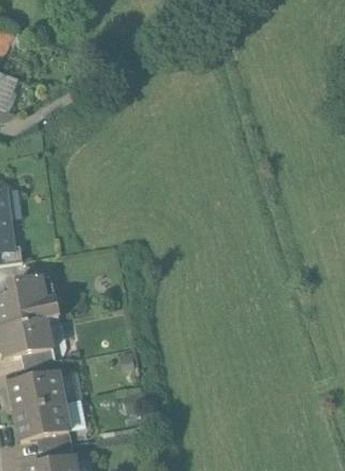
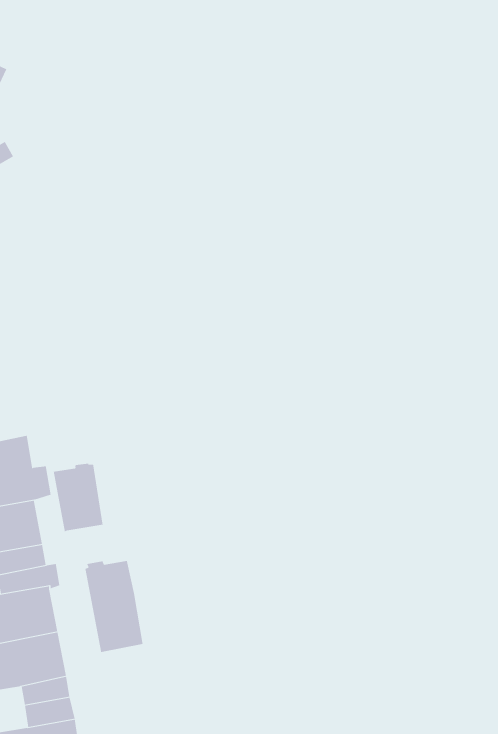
building: none -> [53,463,103,532]
building: none -> [85,560,143,653]

